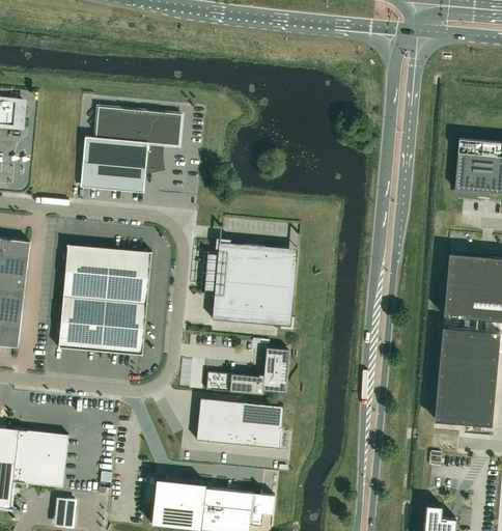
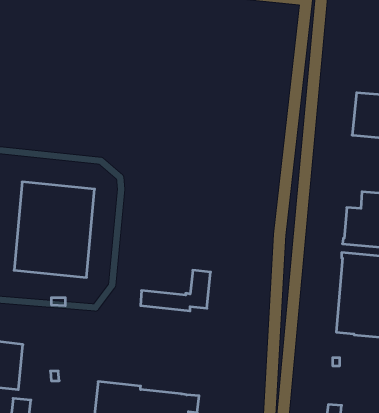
building: [81,107,182,192] -> none
building: [204,239,295,330] -> none
building: [196,397,284,448] -> none

